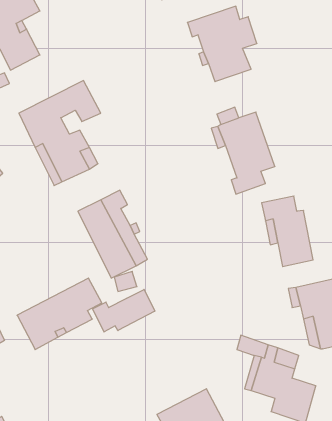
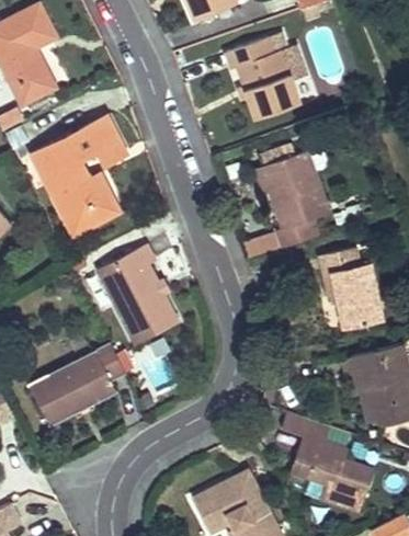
building: [92,289,155,332] -> none

